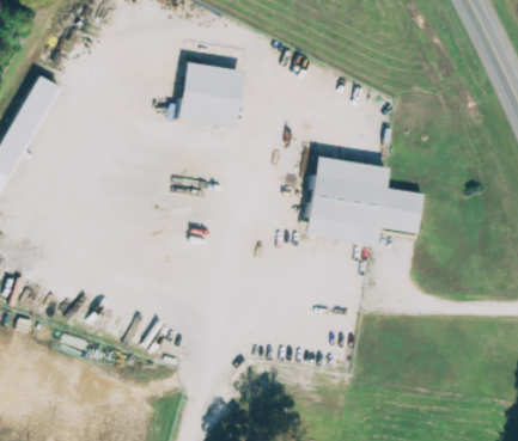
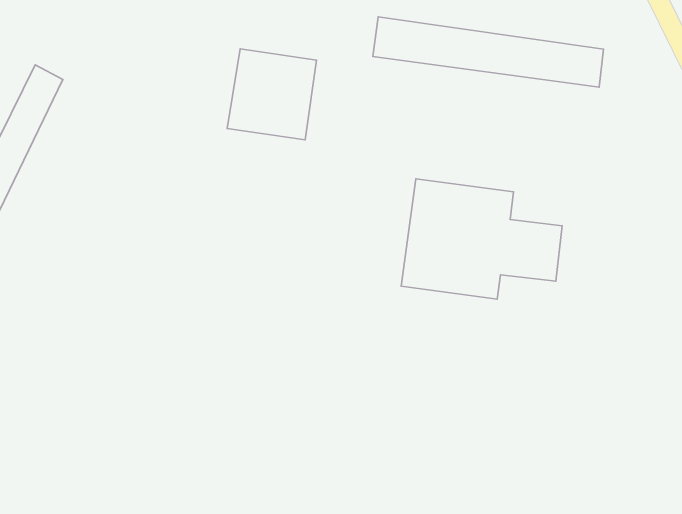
building: none -> [373,17,603,87]

